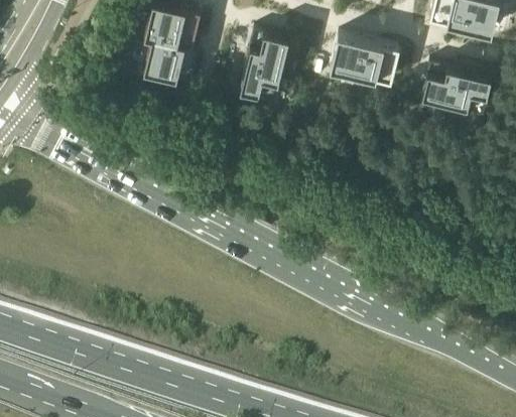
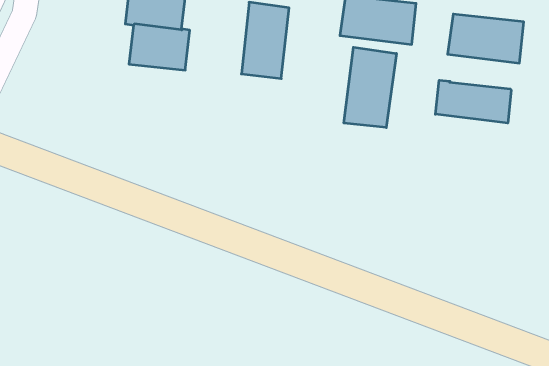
building: none -> [344,47,396,128]
building: none -> [435,80,511,123]

